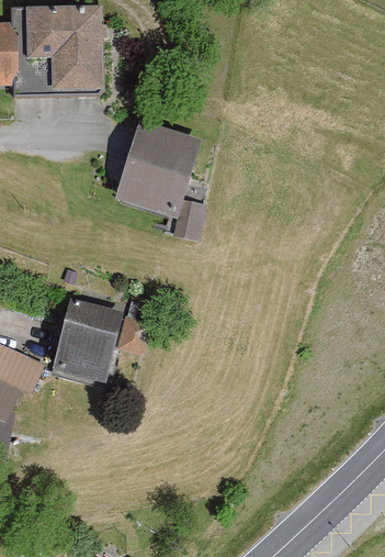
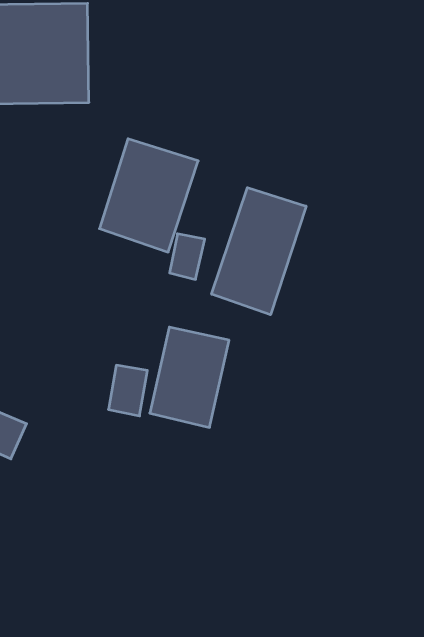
building: none -> [212,188,306,315]
building: [52,300,118,385] -> [150,327,229,427]

